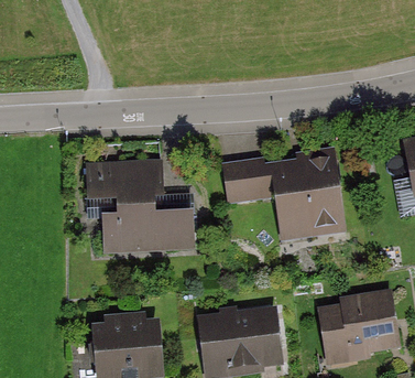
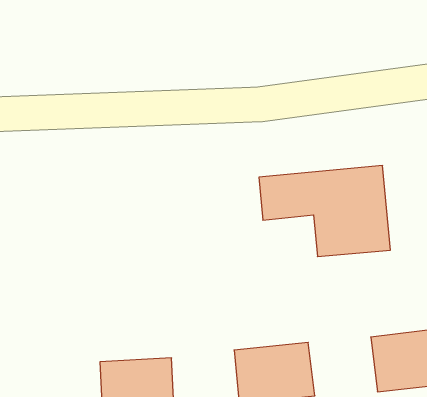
building: [95,170,189,249] -> none

